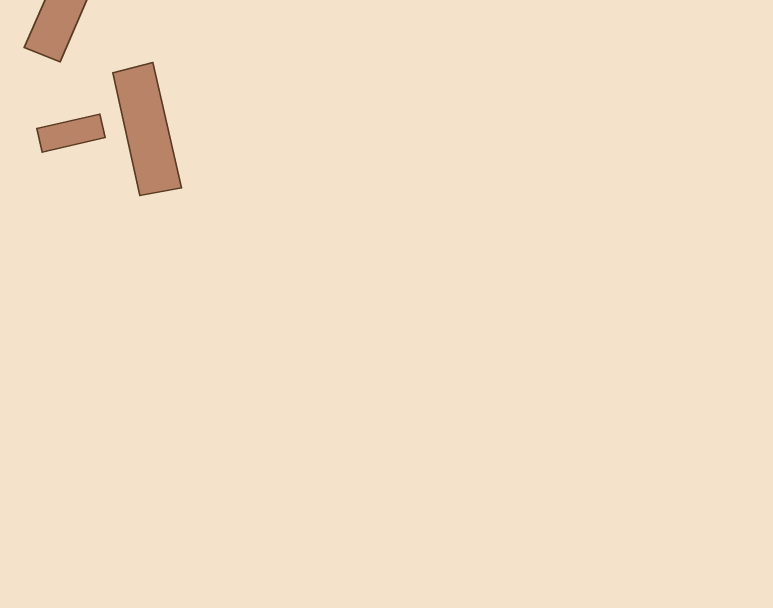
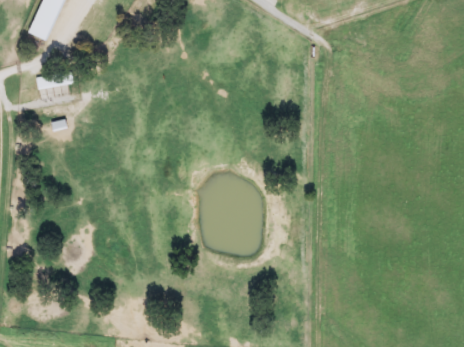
building: [113,62,181,196] -> none

